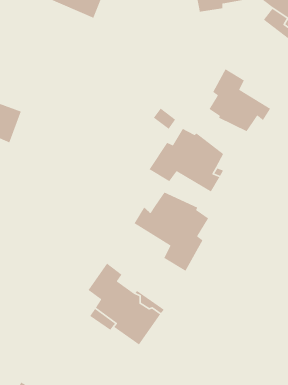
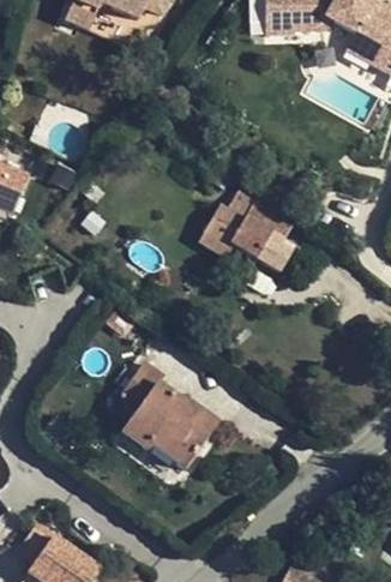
building: [208,68,271,132] -> none
building: [133,191,209,272] -> none

